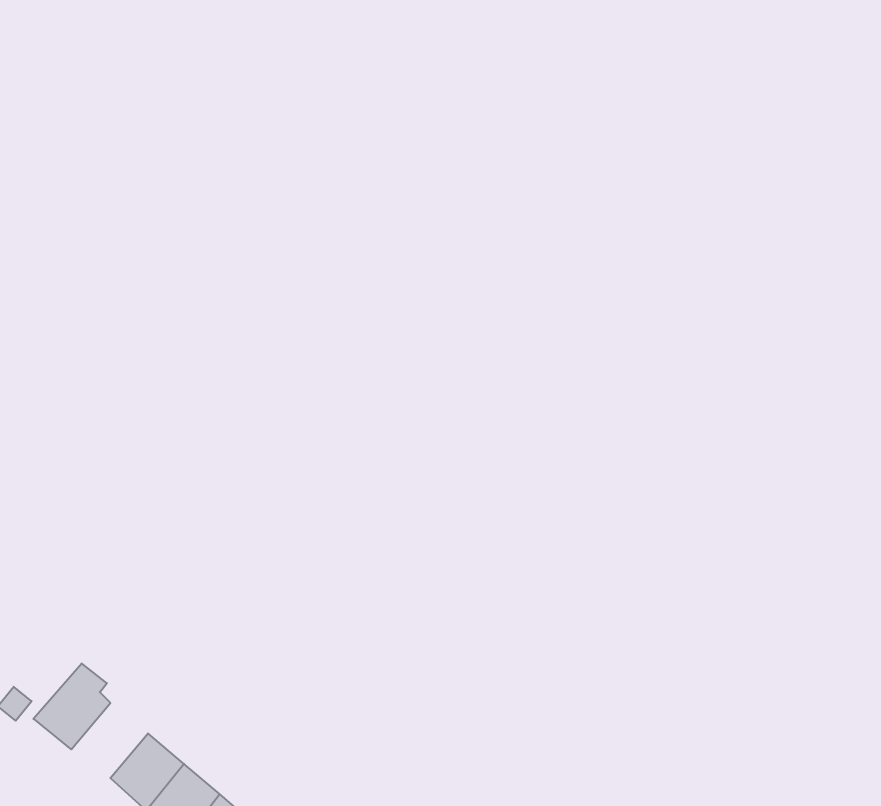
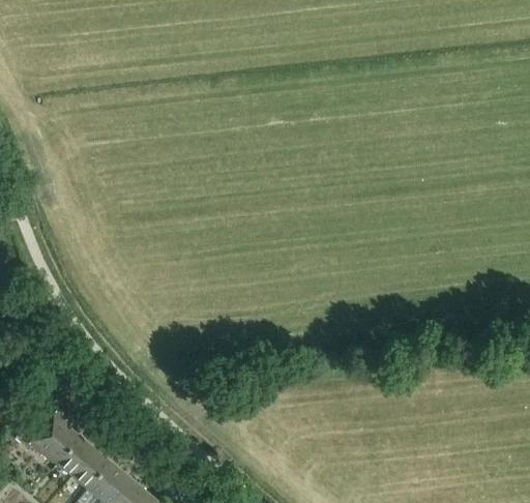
building: none -> [55,434,99,477]

